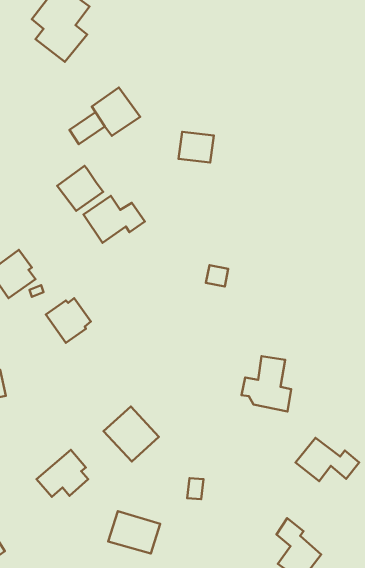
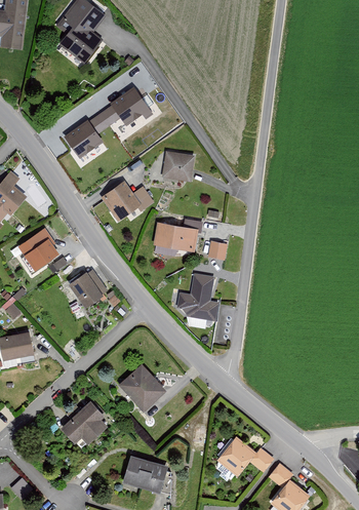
building: [179,132,214,162] -> [162,153,193,180]
building: [57,166,103,211] -> [63,121,103,160]
building: none -> [153,223,197,250]
building: [242,356,291,411] -> [175,274,218,322]
building: [296,438,359,481] -> [217,436,273,474]

